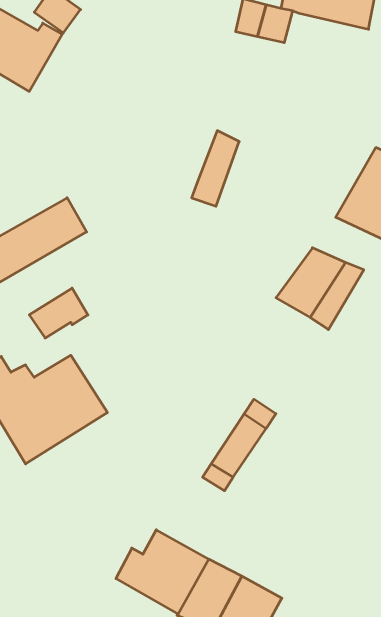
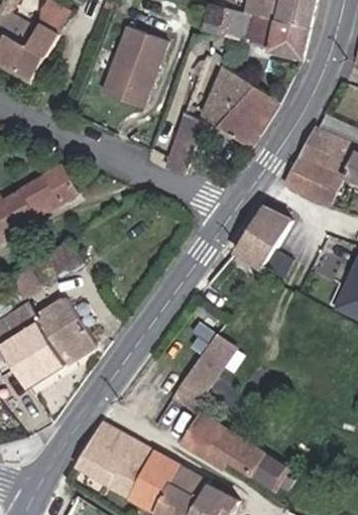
building: none -> [247,15,311,58]
building: none -> [103,26,166,106]
building: none -> [201,66,277,147]
building: none -> [181,414,291,491]
building: none -> [73,422,135,482]

